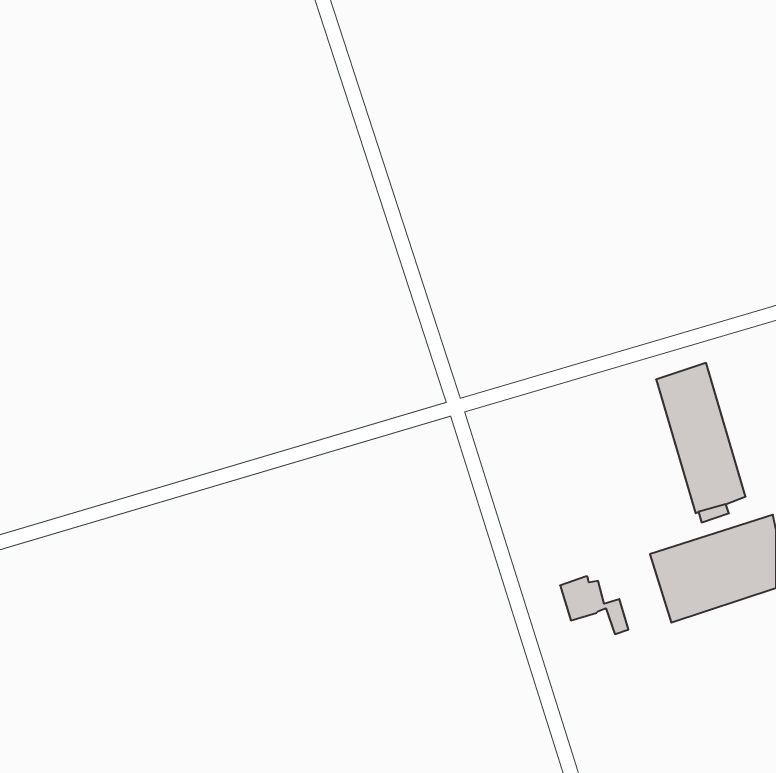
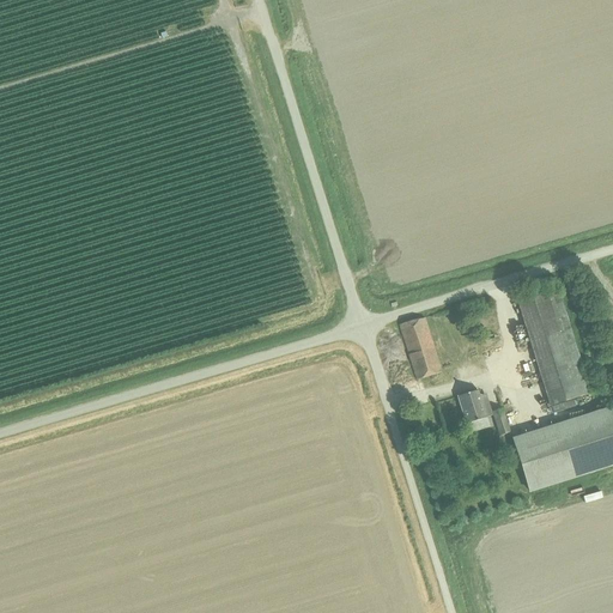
building: none -> [399,315,439,377]
building: [560,576,628,634] -> [456,388,510,433]

